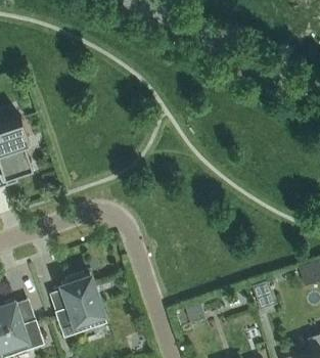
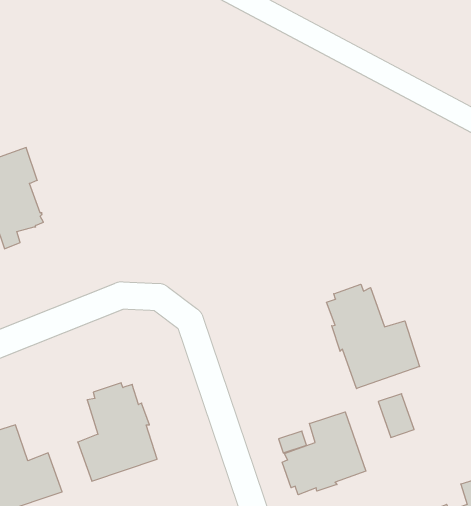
building: none -> [327,284,420,389]
building: none -> [282,412,366,495]

